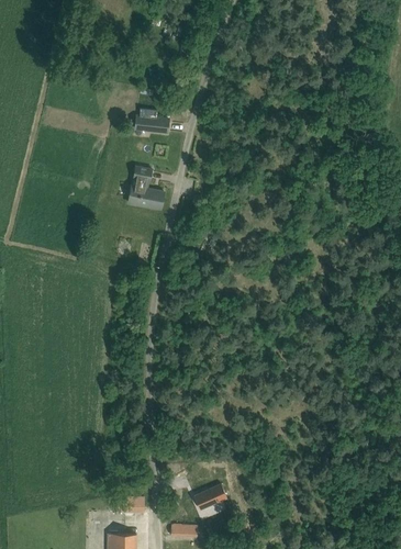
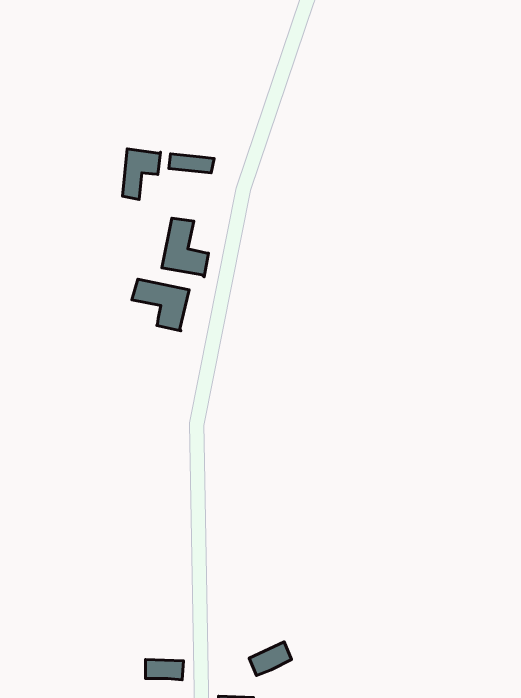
building: none -> [122,149,161,199]
building: none -> [132,279,189,331]

